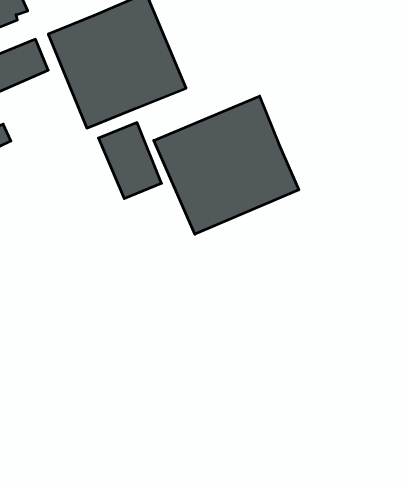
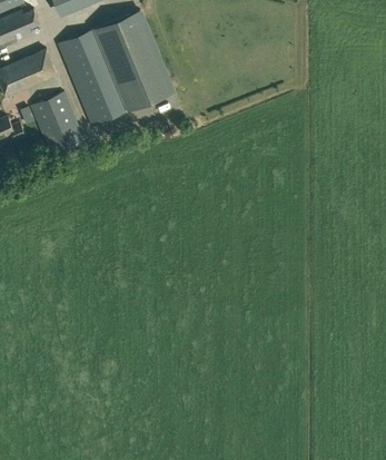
building: [154,96,299,234] -> none
building: [98,123,162,199] -> [29,92,83,158]

